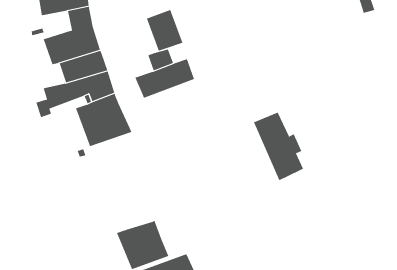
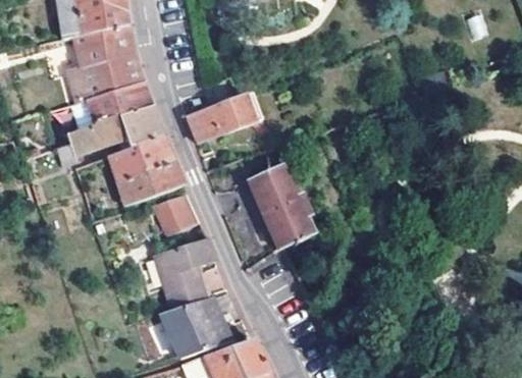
building: [146,9,183,51] -> none
building: [253,112,304,181] -> [246,166,310,254]
building: none -> [157,194,199,235]
building: none -> [156,237,216,308]

